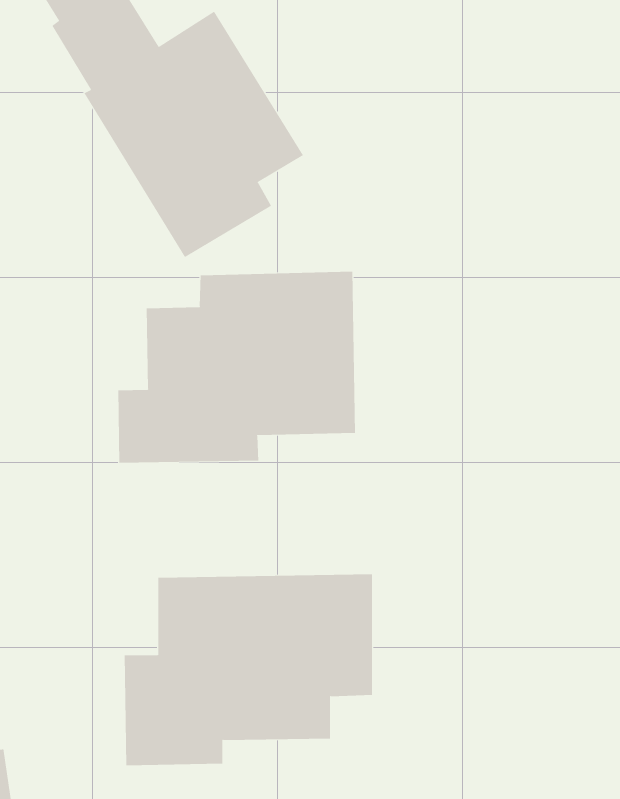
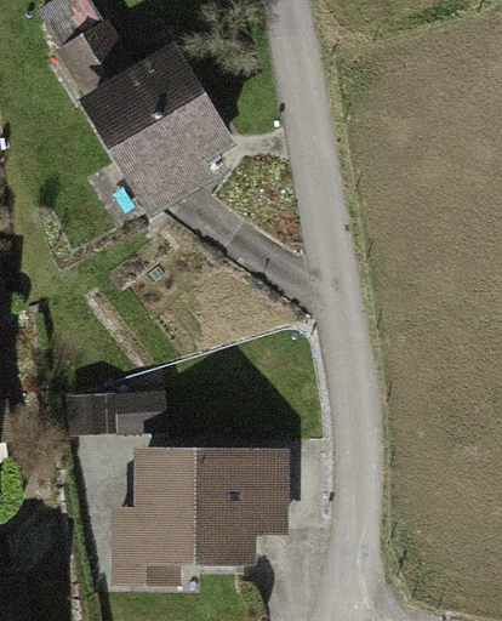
building: [118,271,355,463] -> none

